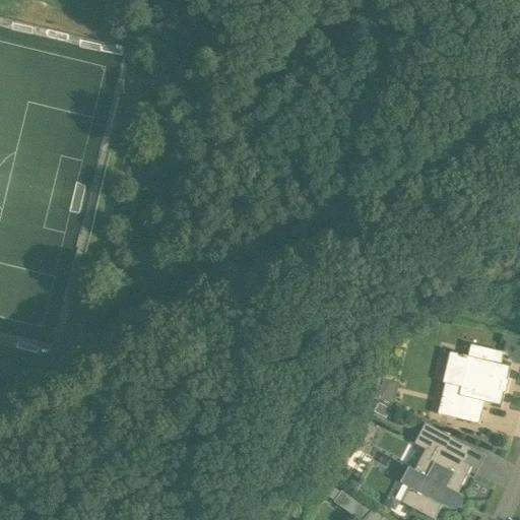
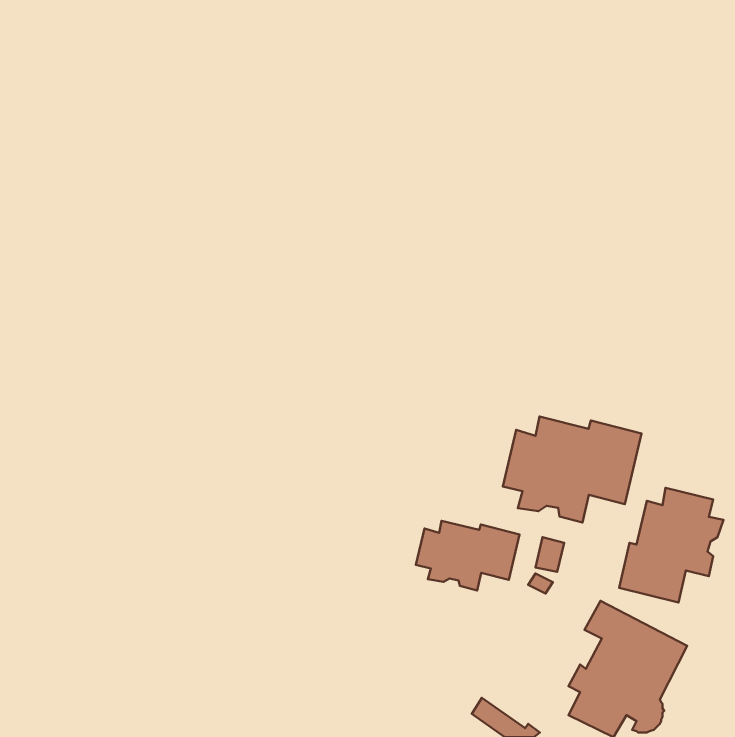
building: none -> [503,417,642,523]
building: none -> [416,521,520,590]

